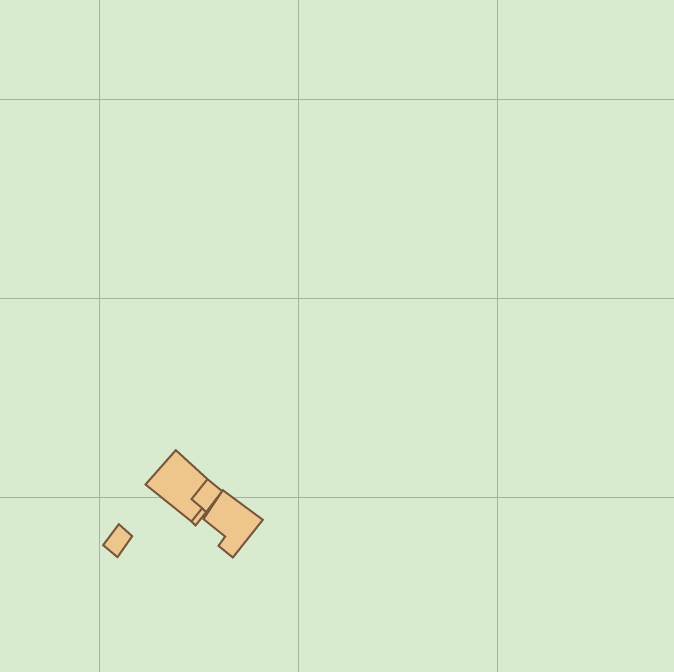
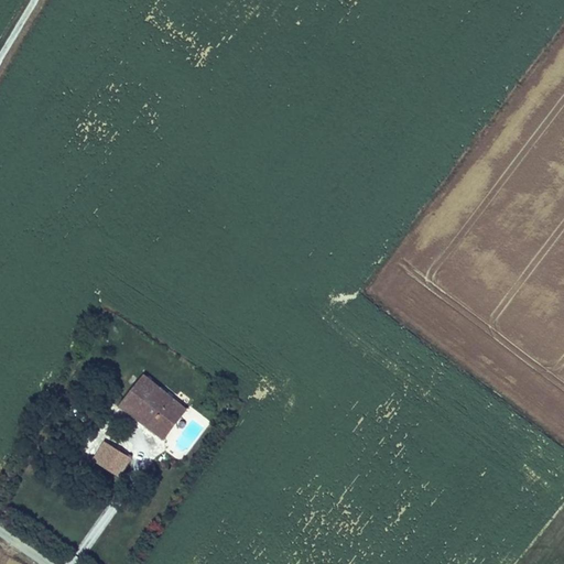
building: [203,490,263,557] -> none
building: none -> [98,445,128,481]

